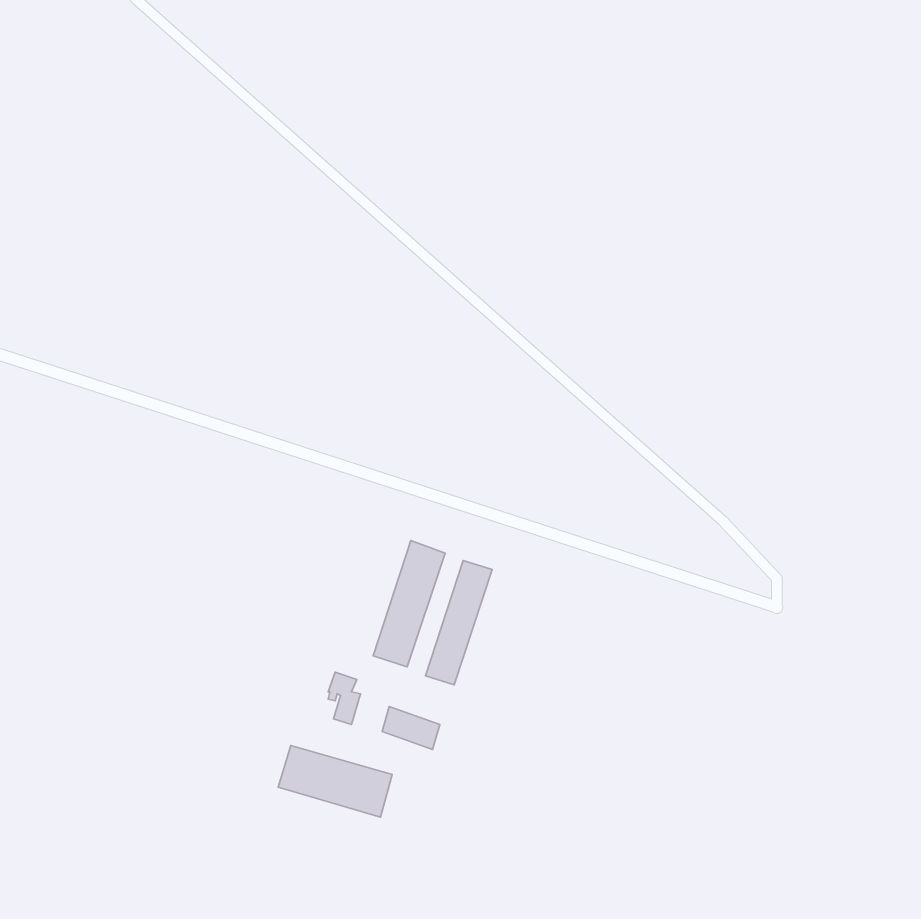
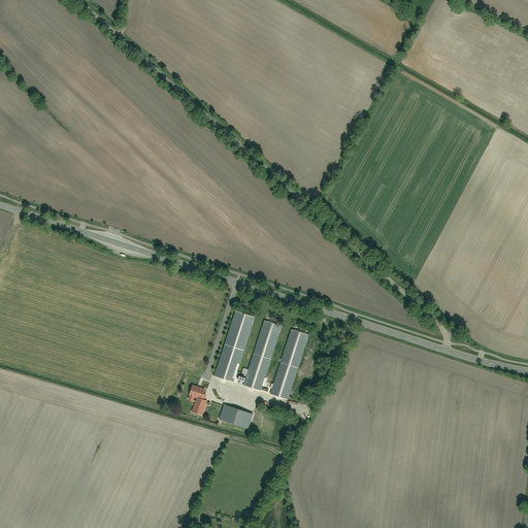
building: none -> [270,329,308,399]
building: [278,745,392,817] -> none

